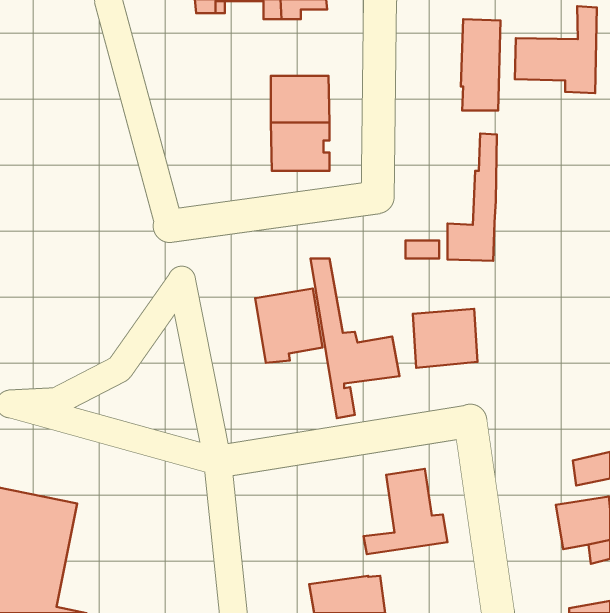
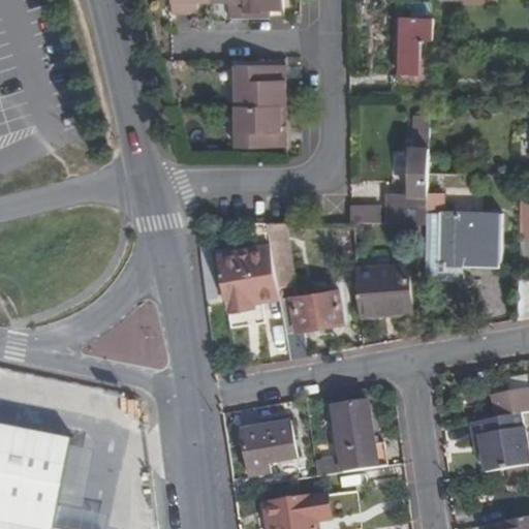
building: [515,6,597,93] -> none
building: none -> [424,191,500,273]
building: none -> [240,423,297,476]

